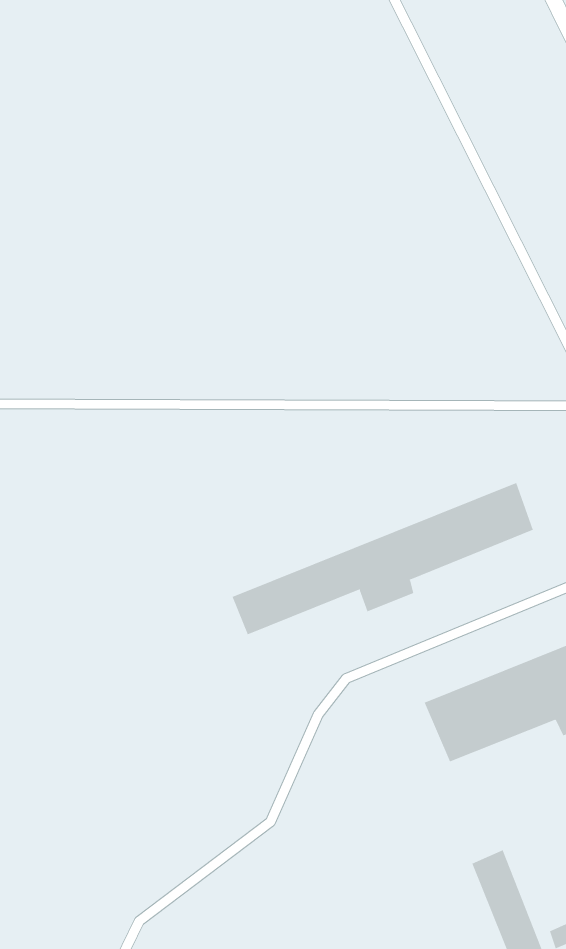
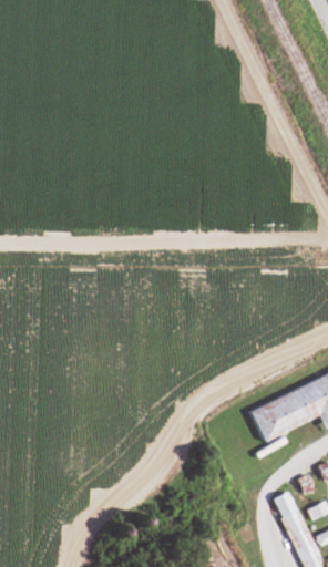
building: [232,482,534,635] -> none

